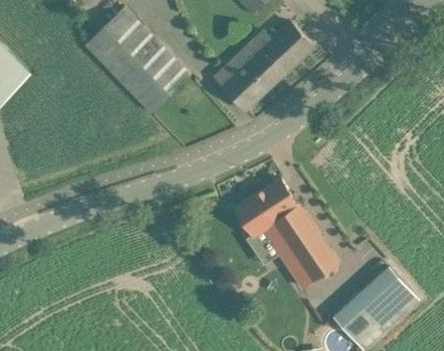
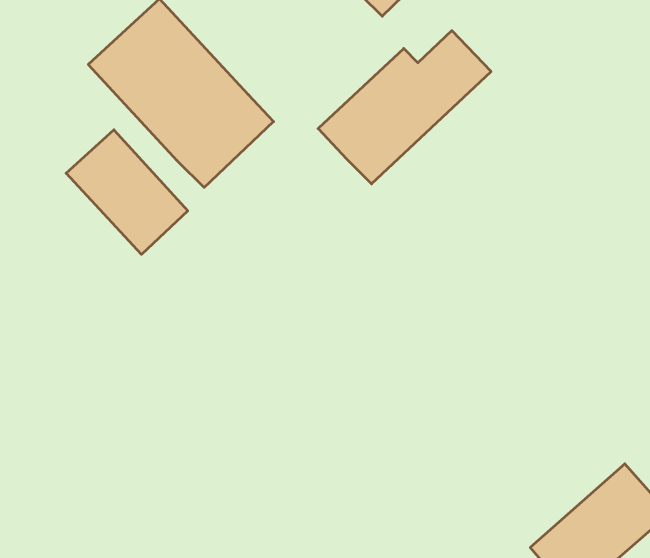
building: none -> [66,130,188,254]
building: [233,178,334,286] -> none

